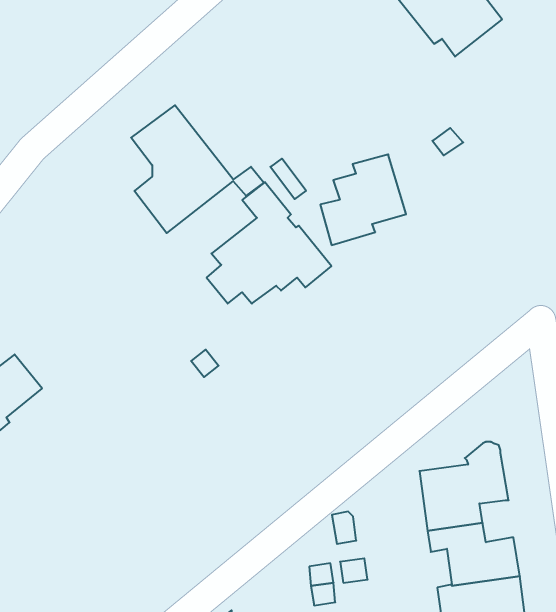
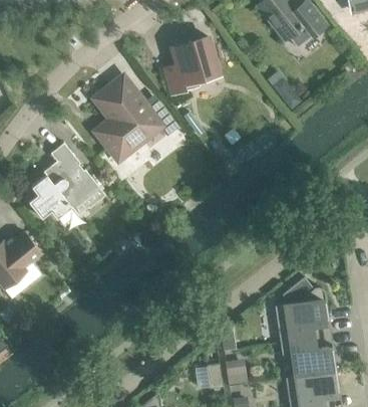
building: [320,154,406,245] -> [165,37,219,93]
building: [207,182,331,304] -> [28,143,105,218]

